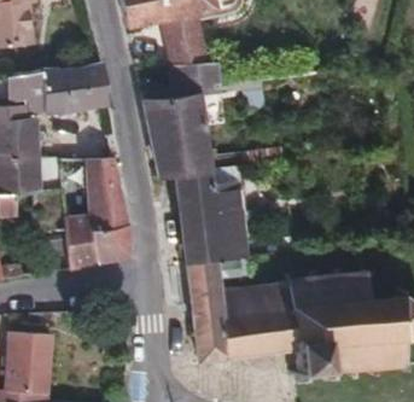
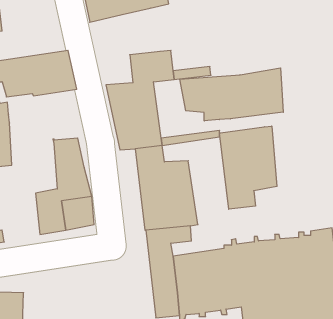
building: [162,16,204,68] -> none
building: none -> [180,68,283,121]
building: none -> [220,126,277,209]

